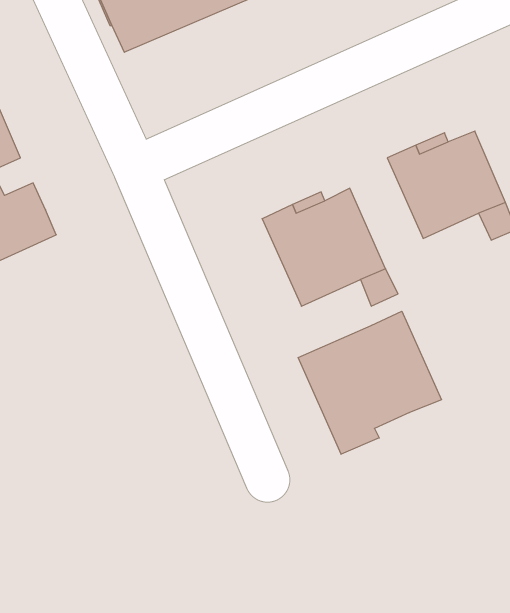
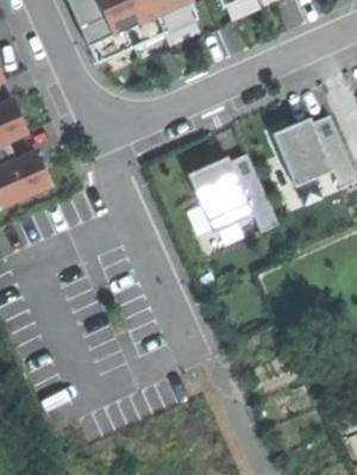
building: [298,311,441,454] -> none

